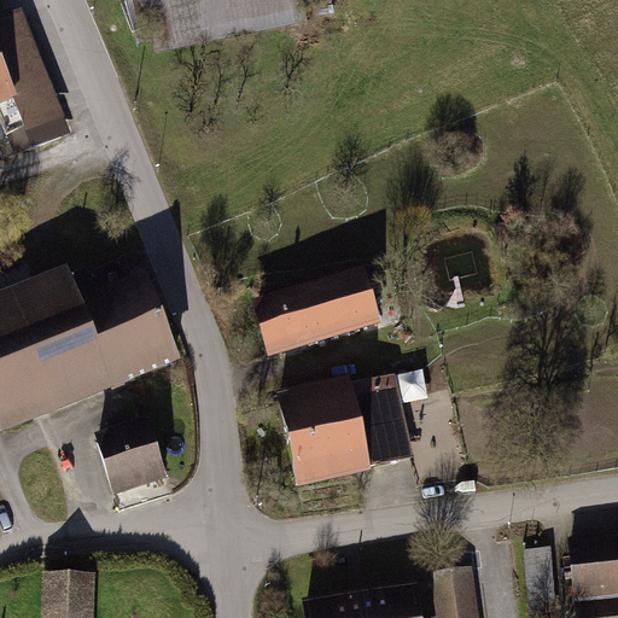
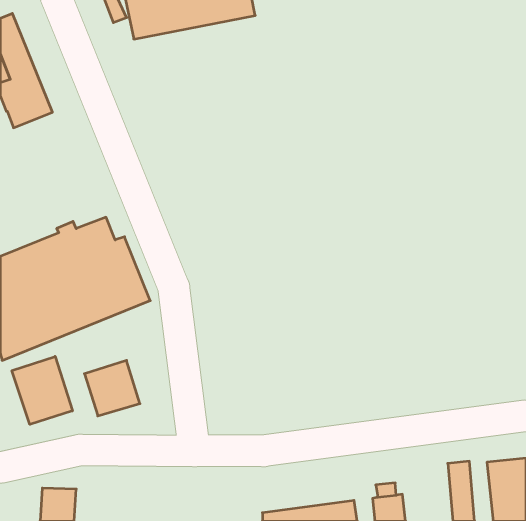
building: [258,272,379,348] -> none
building: [279,375,407,479] -> none
building: none -> [12,356,72,424]

